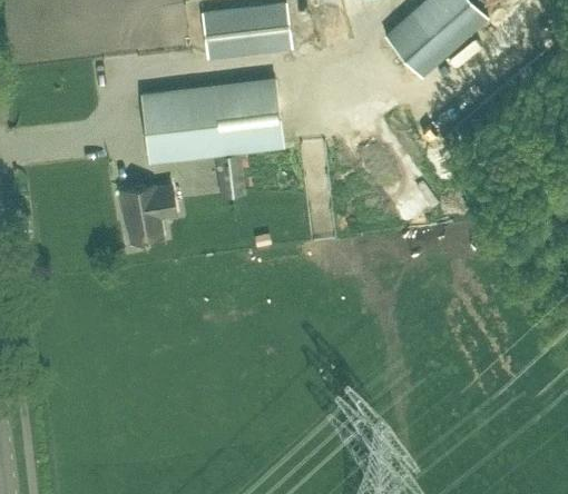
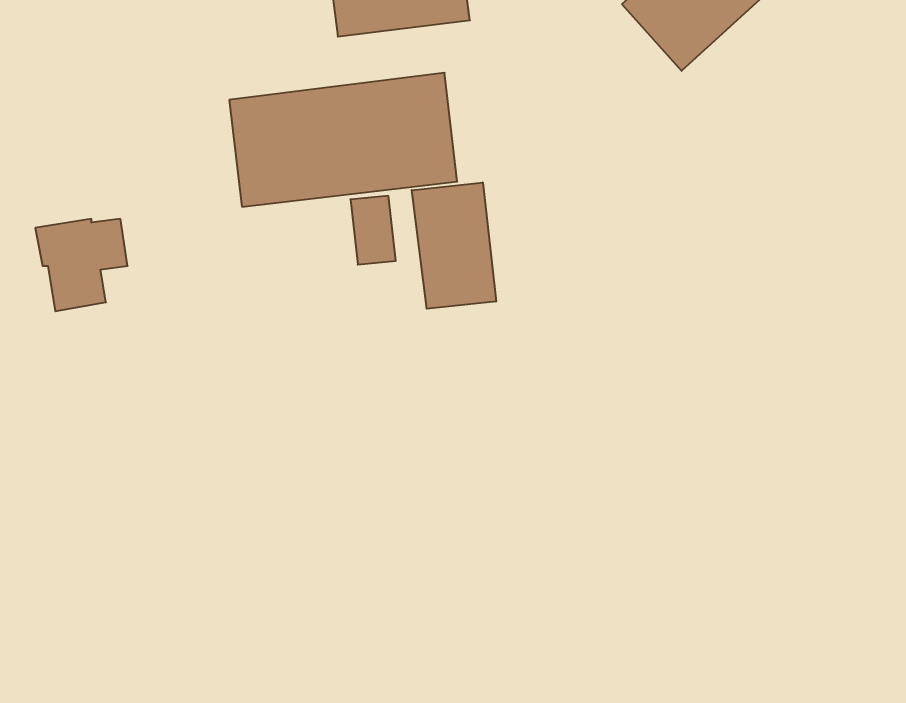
building: none -> [412,182,496,309]
building: [119,187,176,244] -> [35,219,128,311]

